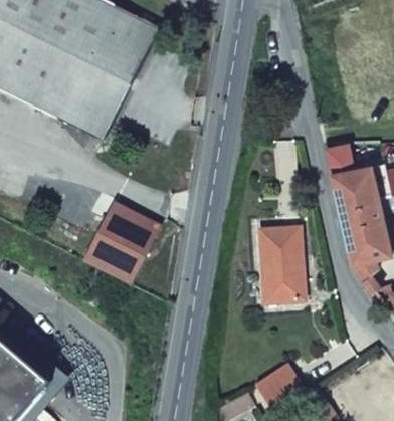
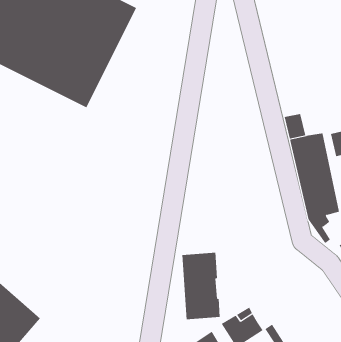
building: [85,203,160,283] -> none
building: [260,226,305,302] -> [181,252,221,320]

